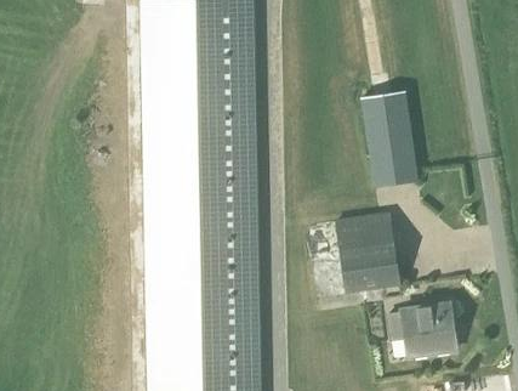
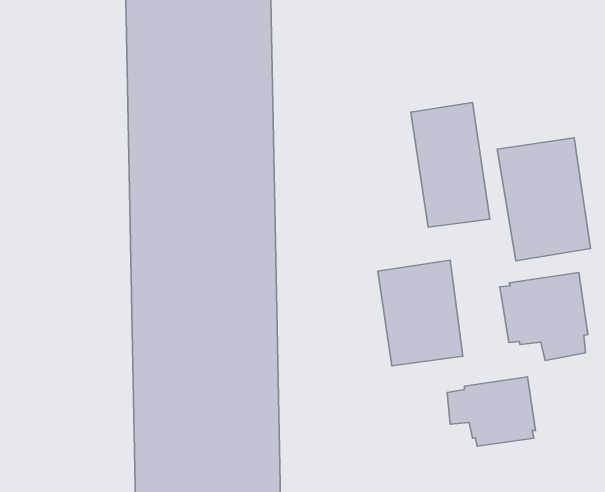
building: none -> [497,138,591,261]
building: none -> [500,272,588,360]

